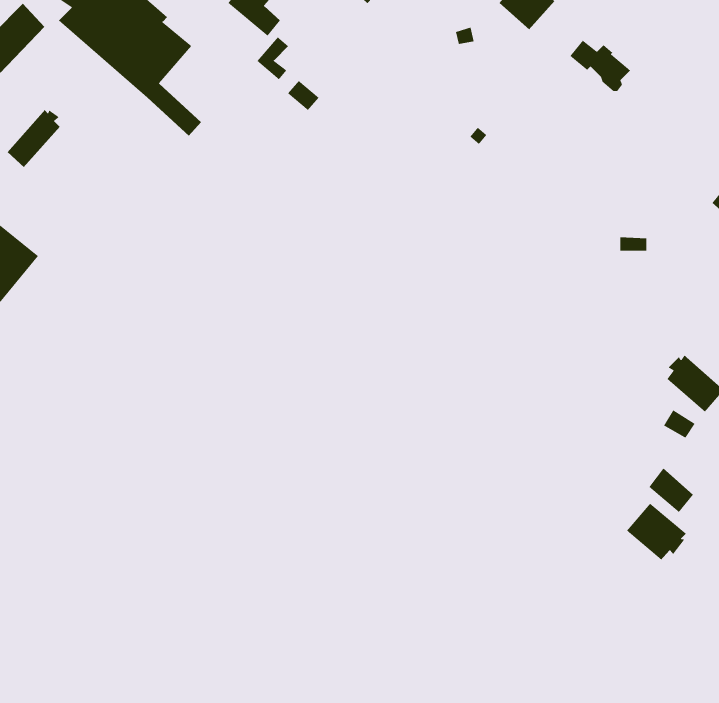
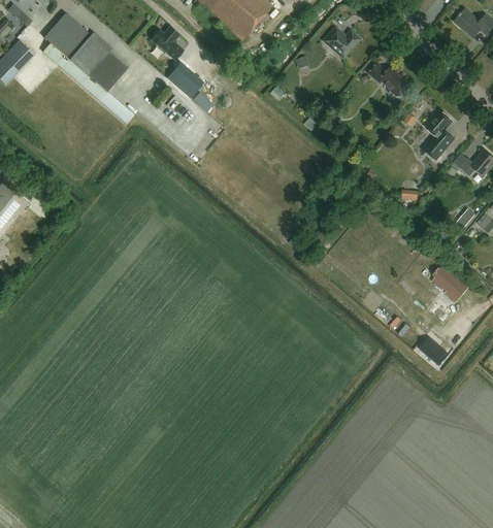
building: [7,109,61,168] -> none
building: none -> [426,110,456,160]
building: [626,503,687,560] -> none

